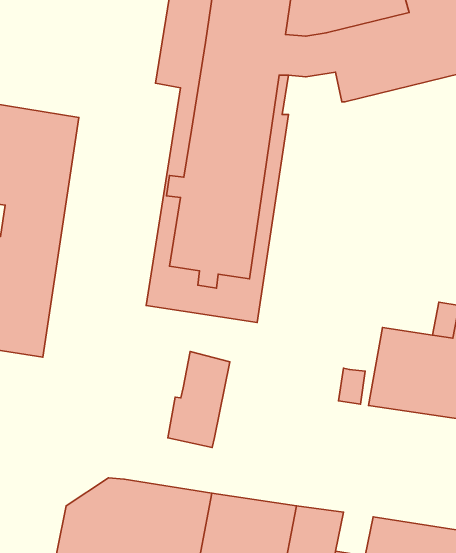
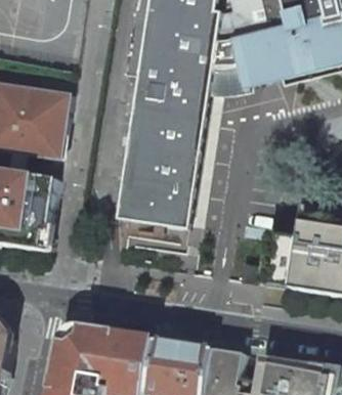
building: none -> [204,64,246,93]
building: [168,351,230,447] -> none

